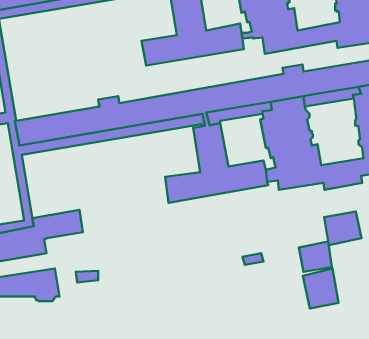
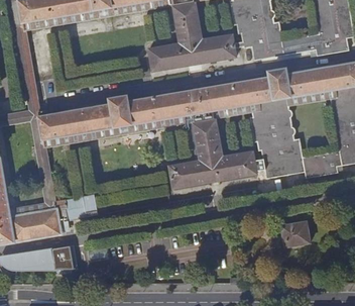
building: [324,212,361,245] -> none
building: [303,268,339,308] -> none

